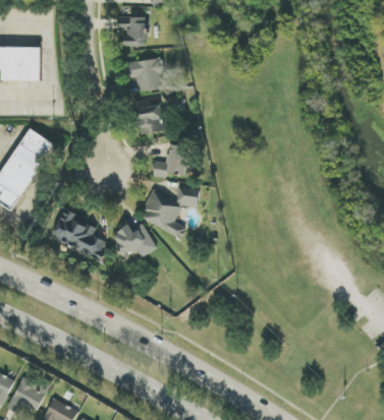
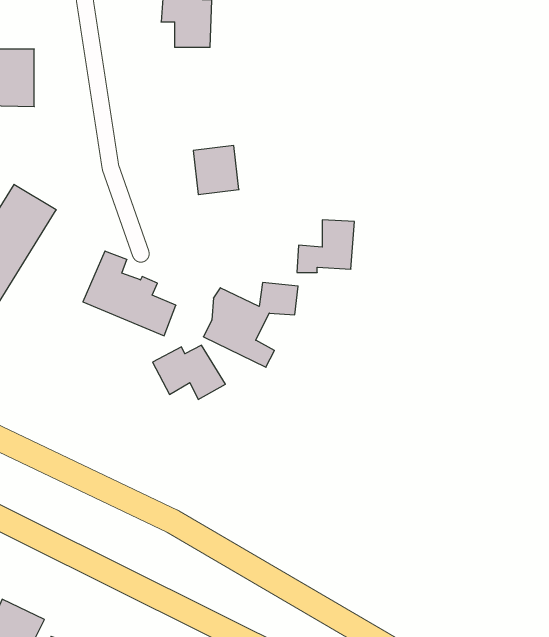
building: [126,57,164,91] -> none
building: [152,144,186,176] -> [297,220,354,272]
building: [50,207,106,258] -> [83,251,176,336]

